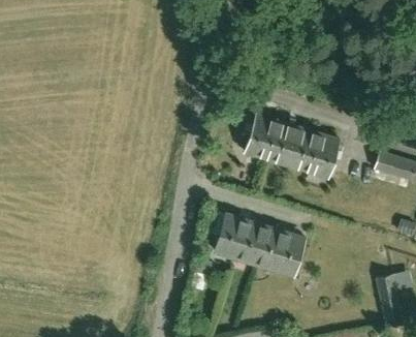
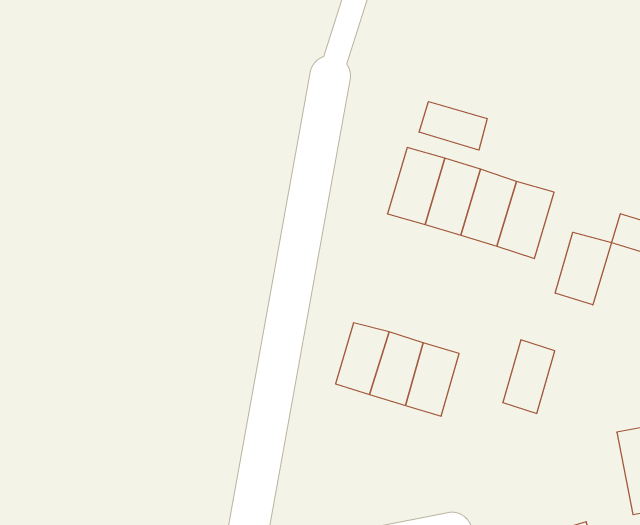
building: none -> [419,102,487,150]
building: none -> [555,232,611,305]
building: [276,233,306,275] -> [503,340,555,413]

